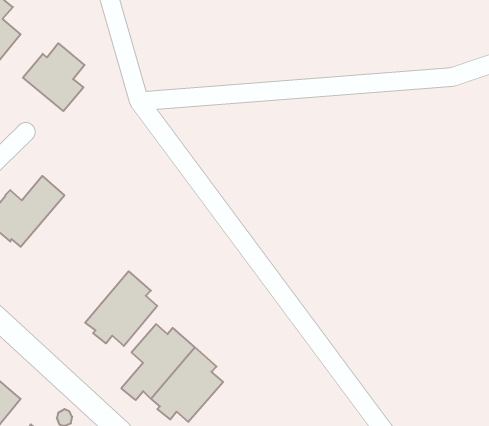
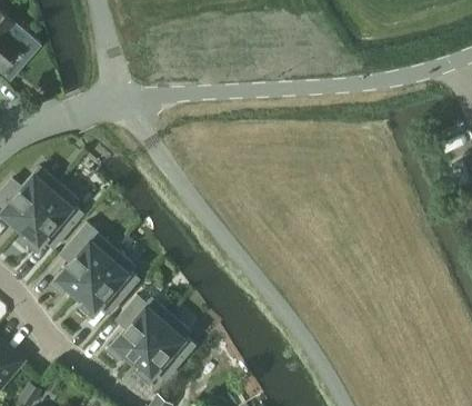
building: [23,43,85,111] -> none
building: none -> [20,185,82,249]
building: none -> [51,224,113,295]

